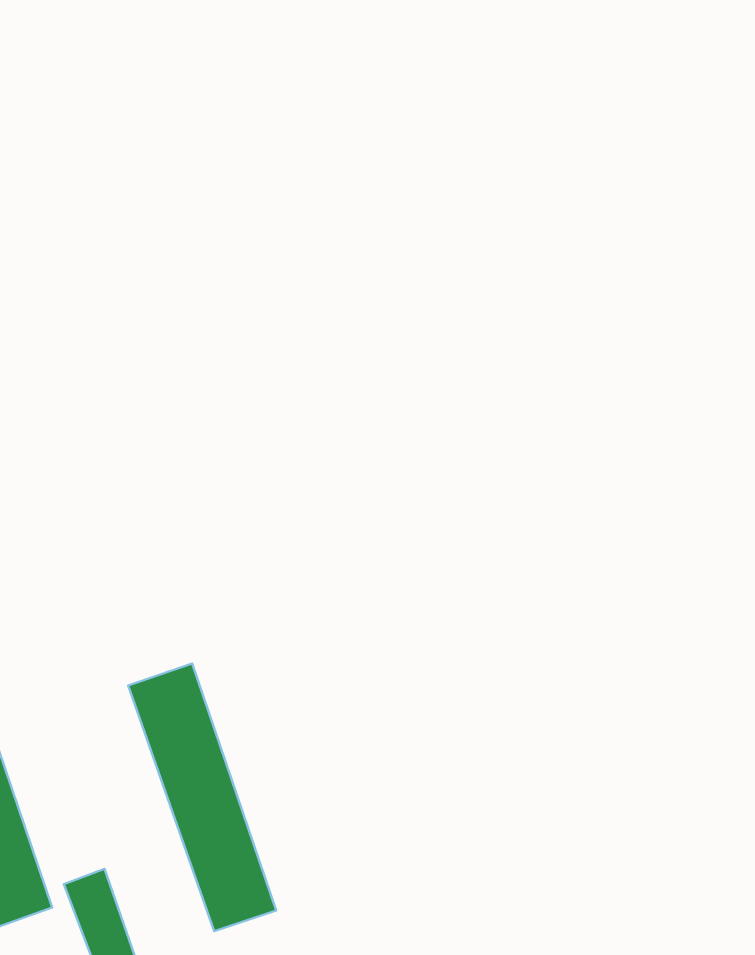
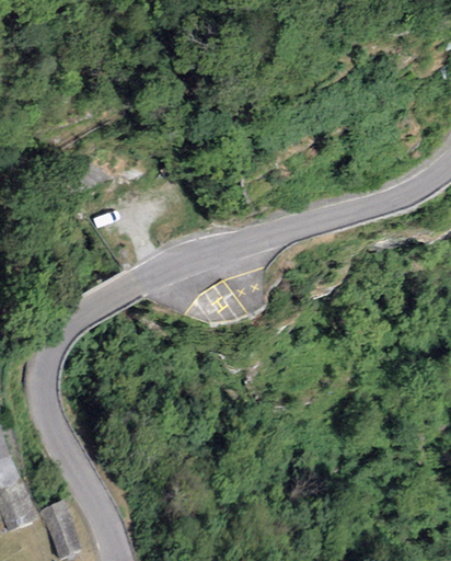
building: [128,664,276,931] -> none

